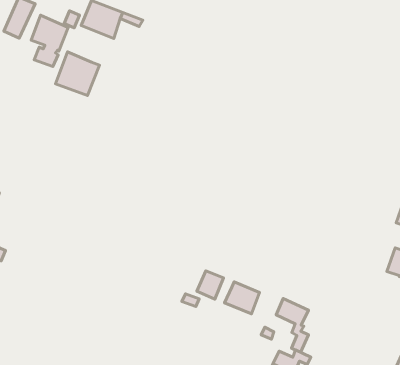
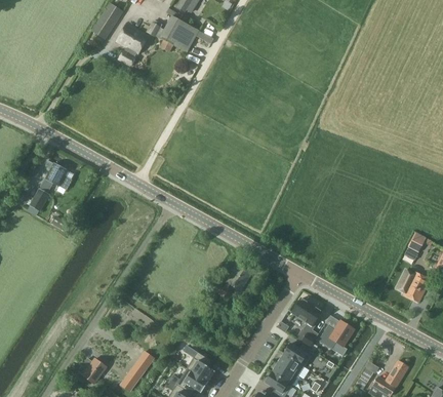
building: [55,52,99,95] -> none
building: [224,282,260,314] -> none
building: none -> [319,320,354,349]

